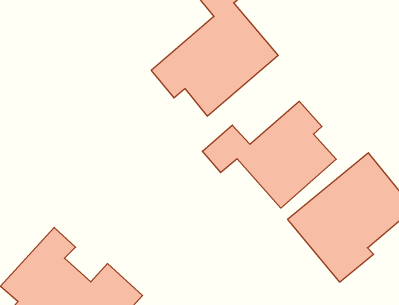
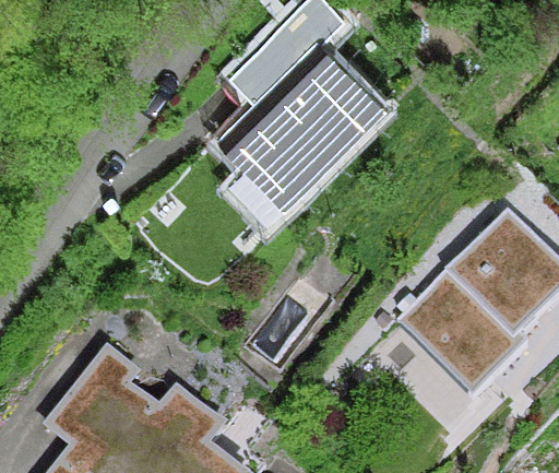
building: [202,101,336,208] -> none

